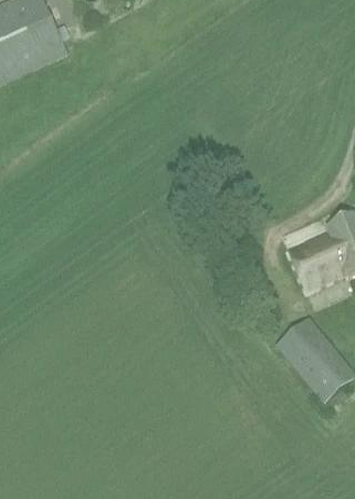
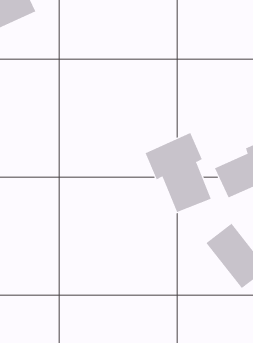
building: none -> [145,132,212,213]

